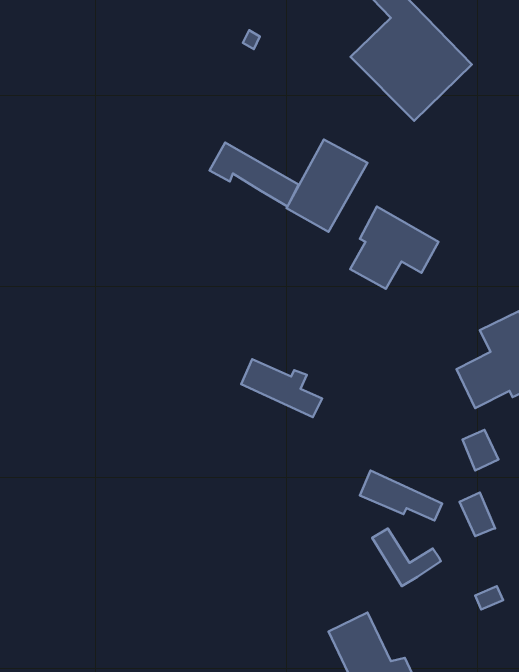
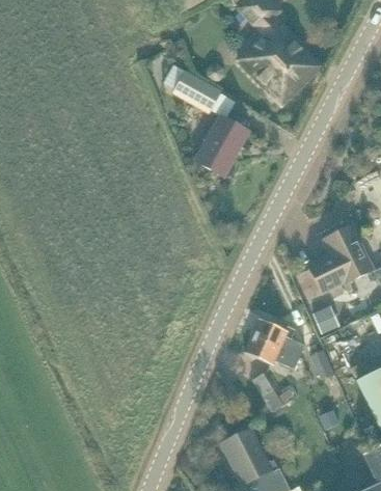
building: [209,142,298,206] -> [162,63,221,106]
building: [350,206,438,289] -> none
building: [241,359,322,417] -> [251,319,305,357]

